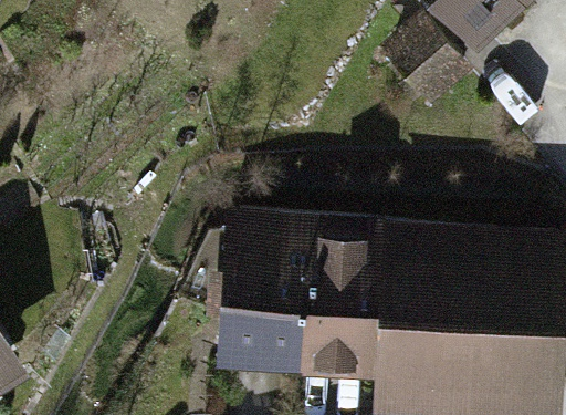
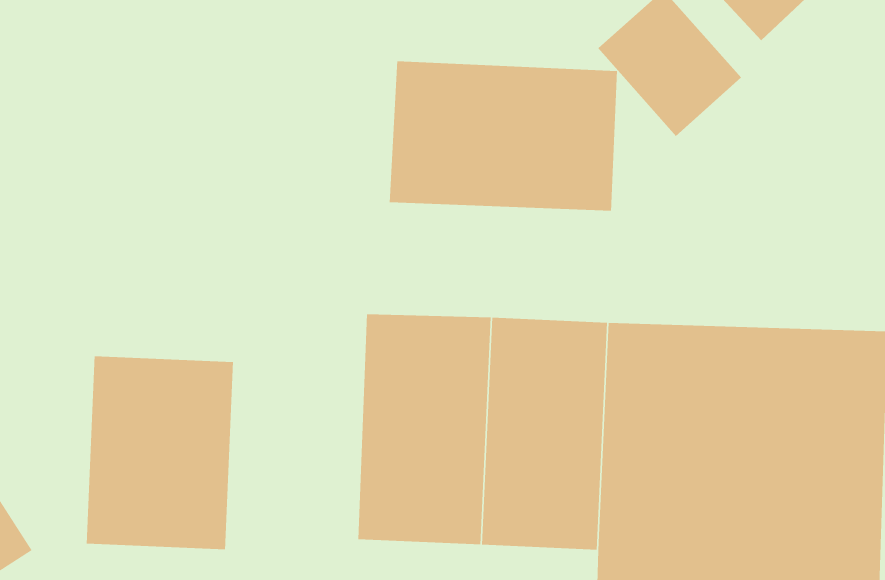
building: none -> [389,60,617,211]
building: none -> [86,355,234,550]

